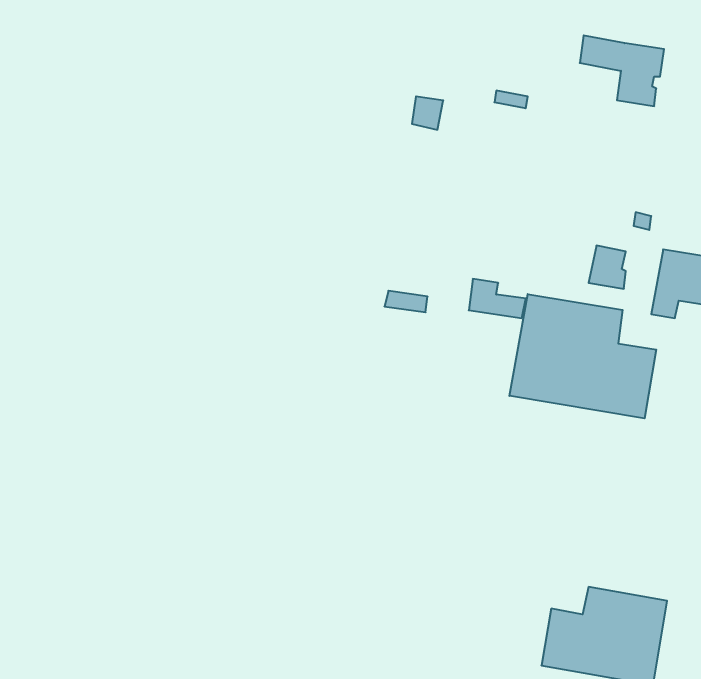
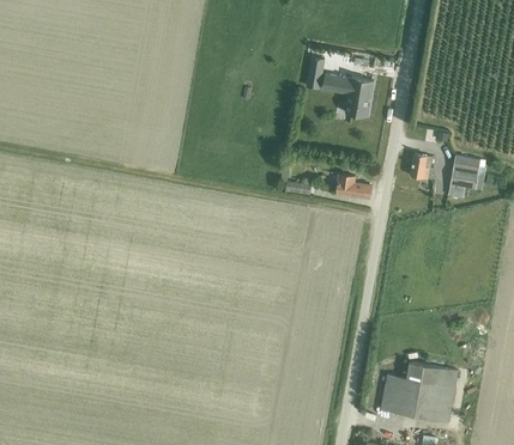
building: [580,35,664,106] -> [322,73,374,116]
building: [509,294,656,418] -> none

